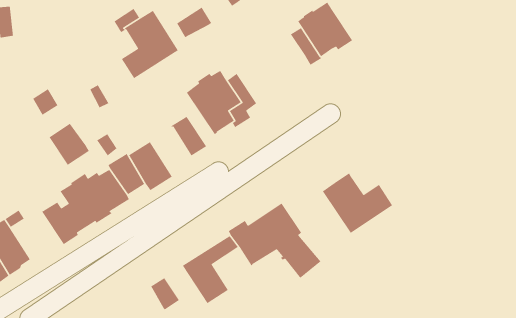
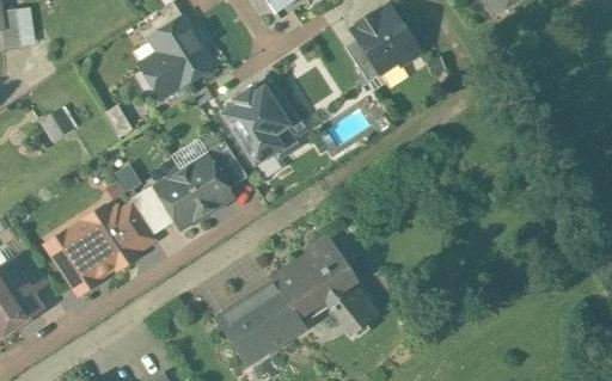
building: [176,6,212,38] -> none
building: [49,122,90,166] -> none
building: none -> [179,154,232,213]
building: [322,172,393,234] -> none
building: none -> [252,295,305,345]
building: [150,277,181,310] -> none

